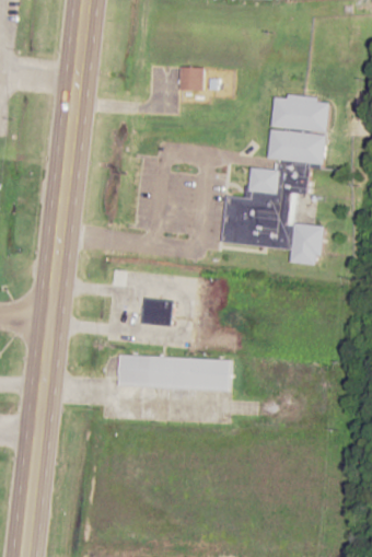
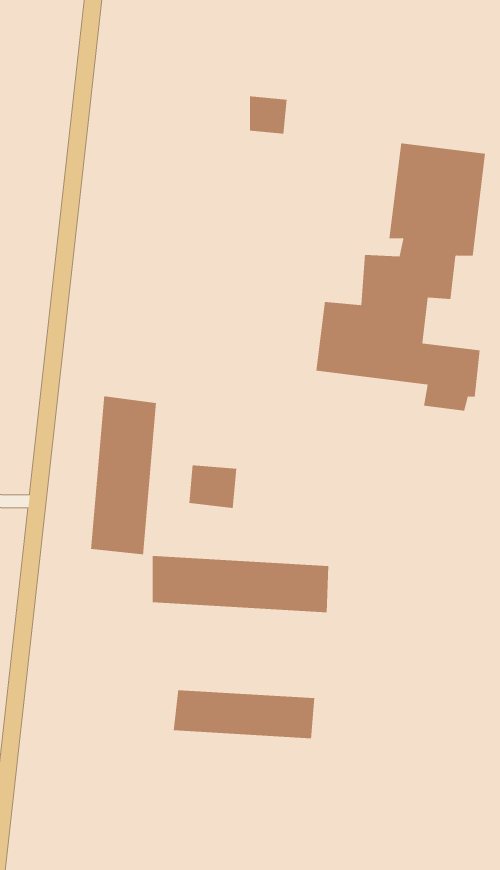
building: none -> [90,396,157,555]
building: none -> [173,689,315,739]

